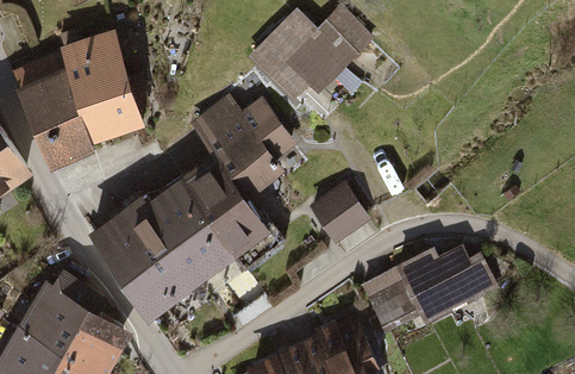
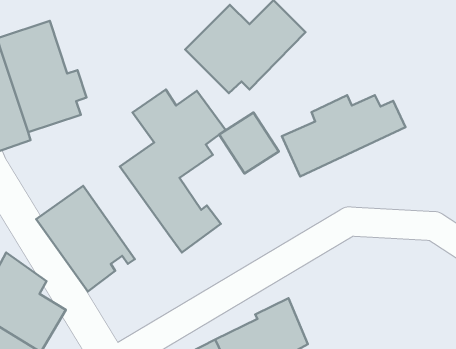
building: [146,181,232,278] -> none
building: [307,187,369,250] -> [219,113,279,173]
building: [364,247,493,331] -> [282,95,406,176]

